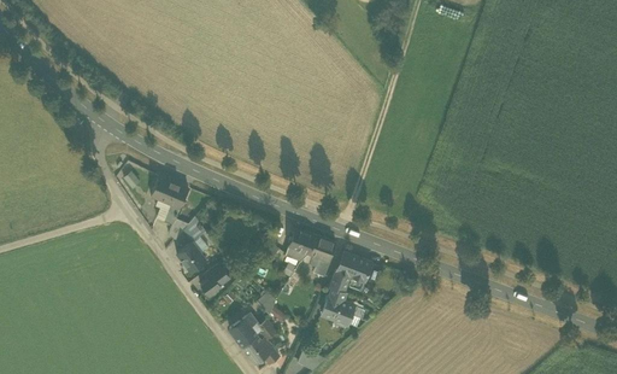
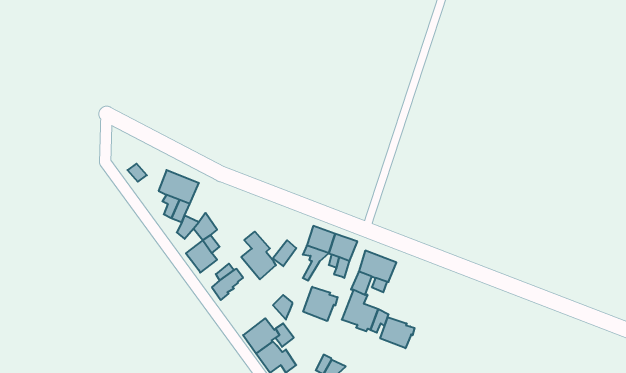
building: none -> [241,232,276,279]
building: none -> [303,287,338,321]
building: none -> [380,317,415,348]

